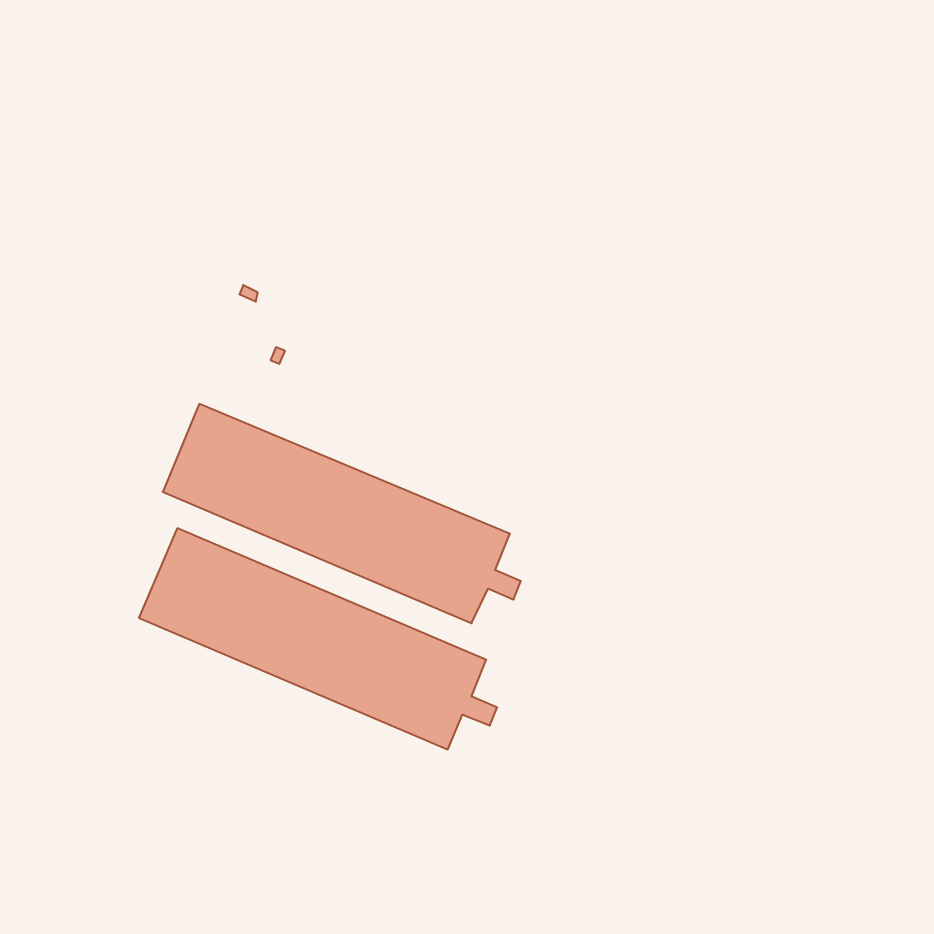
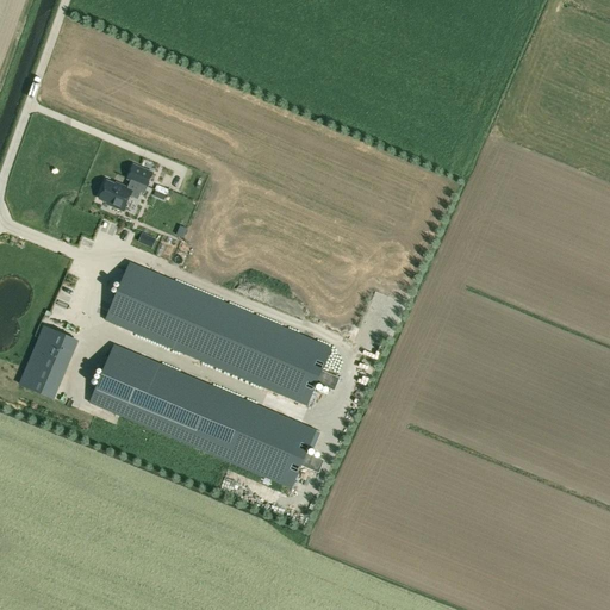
building: none -> [99,166,151,211]
building: none -> [19,324,75,396]

